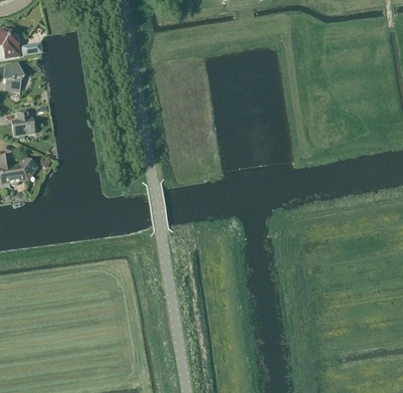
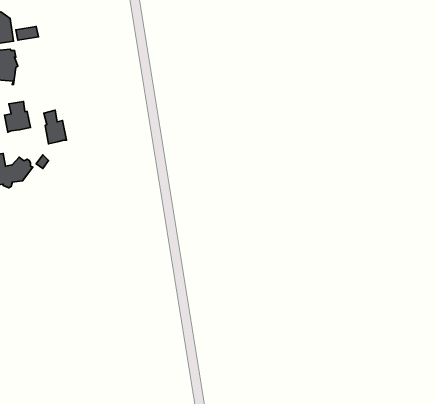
building: none -> [44,110,67,144]

